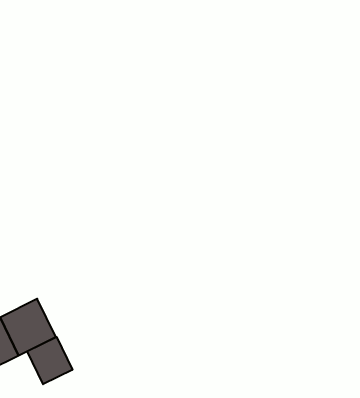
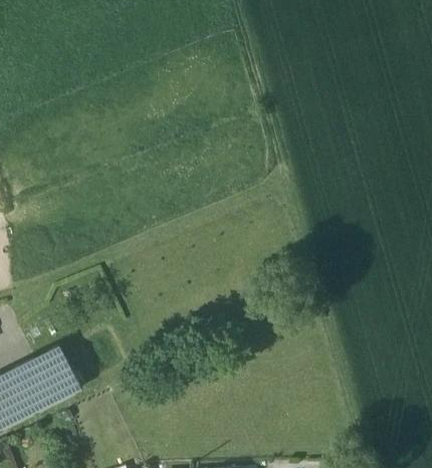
building: [27,337,72,384] -> none

